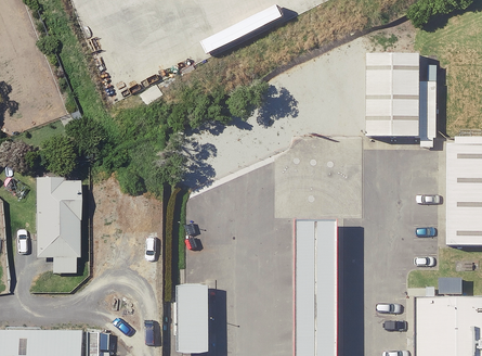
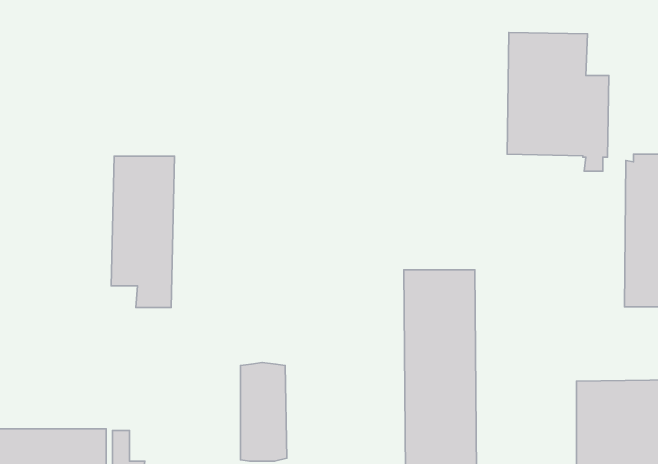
building: [34,170,78,277] -> [111,156,174,307]

